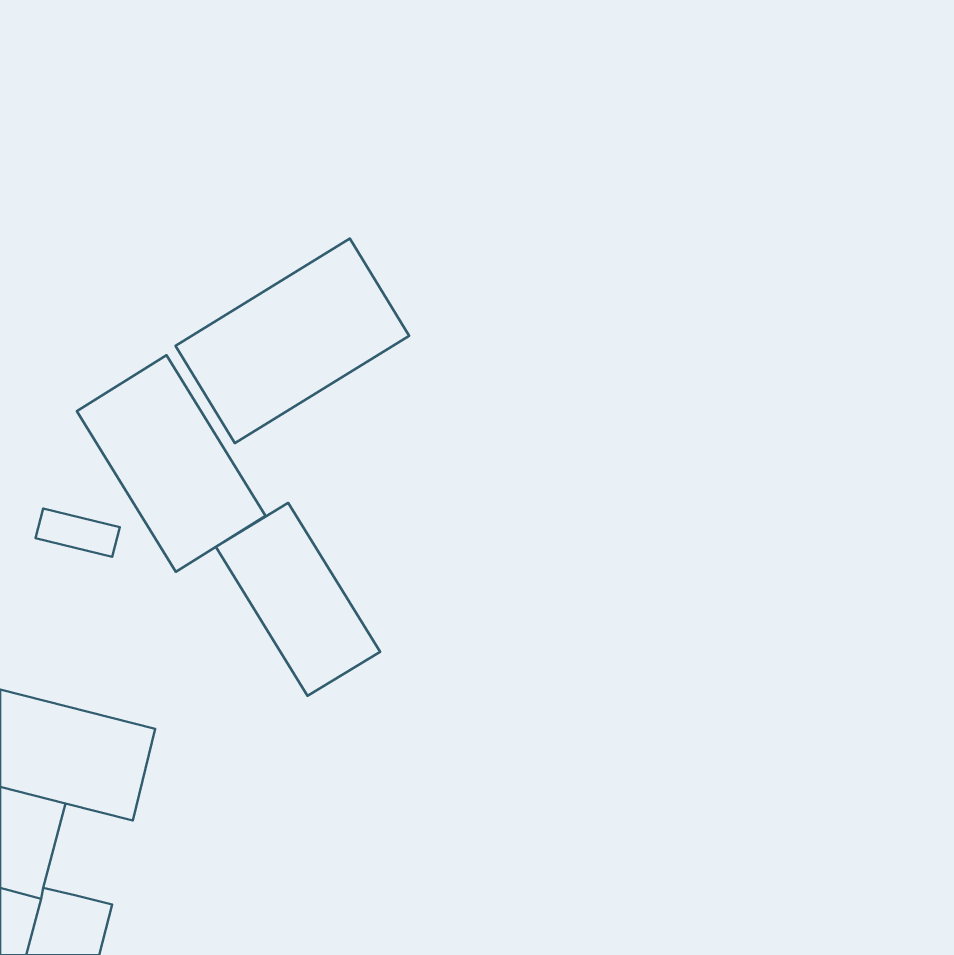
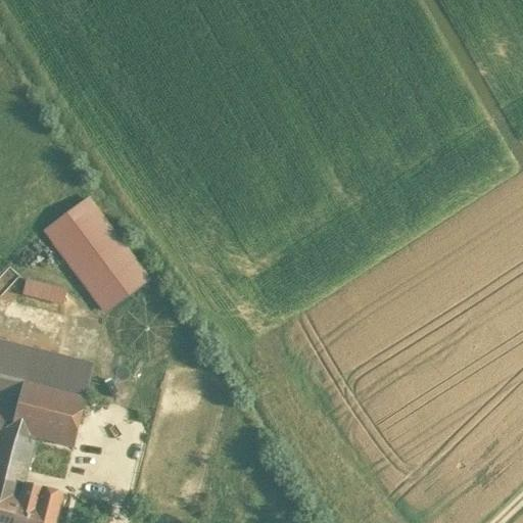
building: [176,239,409,443] -> none
building: [216,503,380,696] -> none

